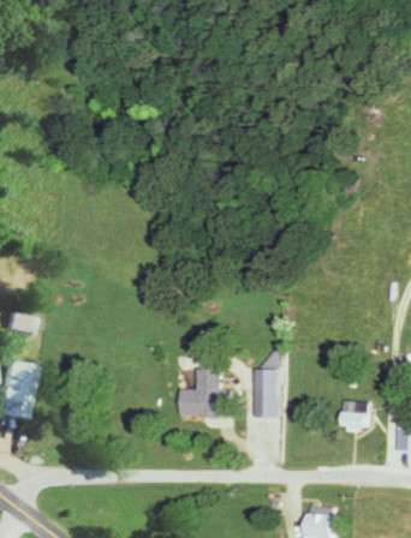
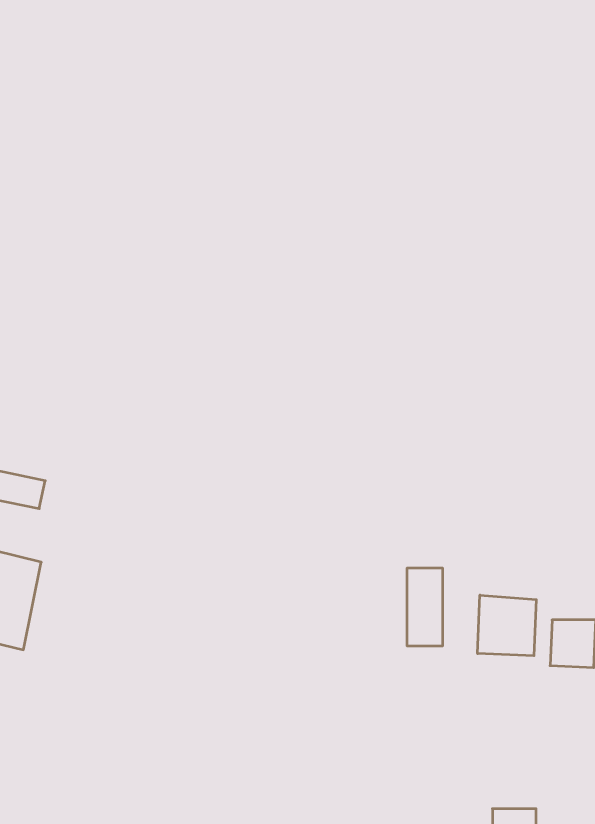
building: [179,369,232,416] -> none
building: none -> [478,595,536,656]

